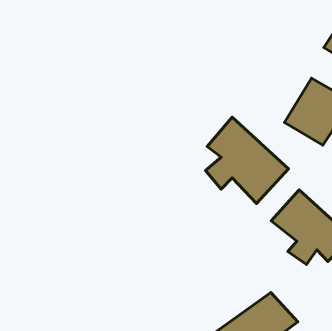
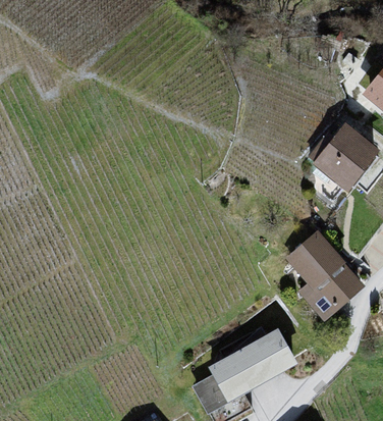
building: [206,117,288,204] -> none

